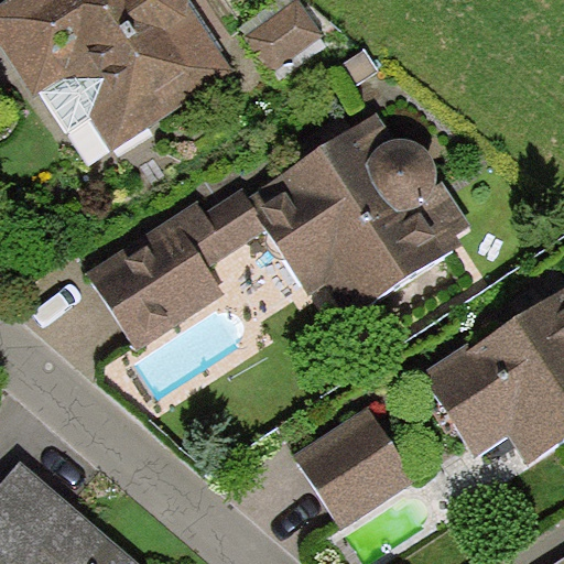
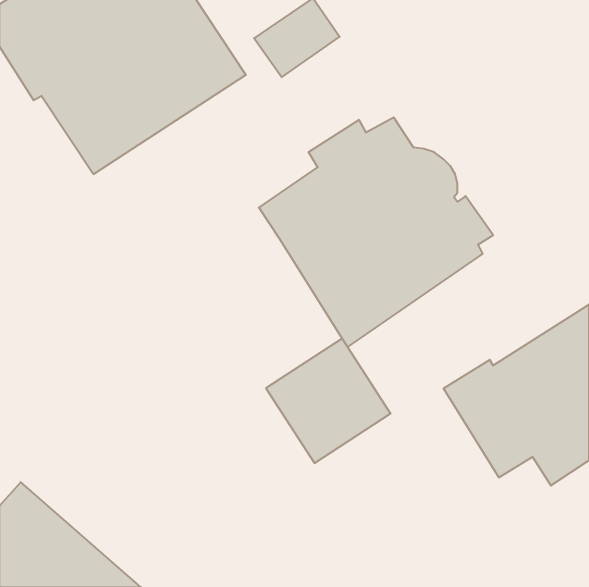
building: [86,189,267,351] -> none
building: [295,409,414,528] -> [266,339,391,463]

